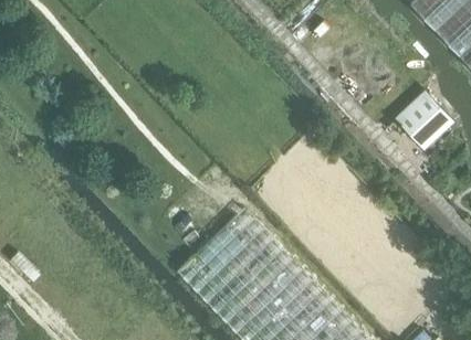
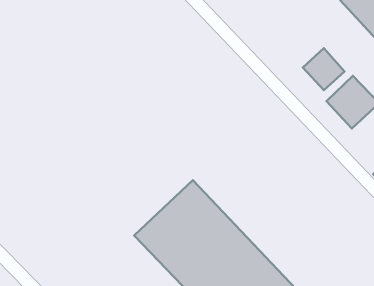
building: none -> [303,48,345,90]

